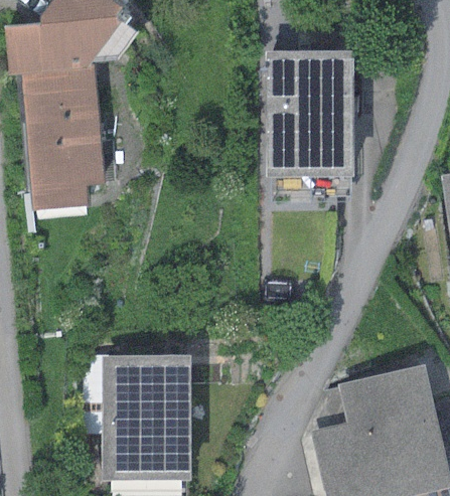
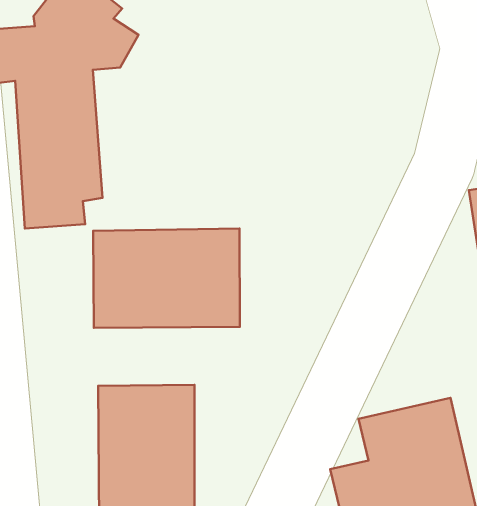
building: [265,49,353,178] -> none
building: none -> [93,229,240,328]

